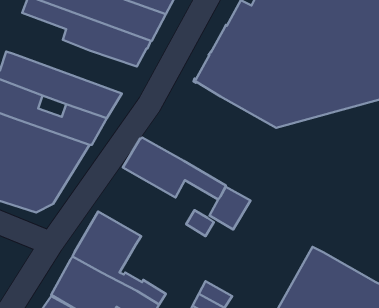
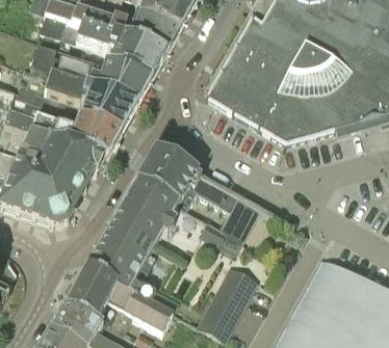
building: none -> [30,46,150,107]
building: none -> [112,179,187,245]
building: none -> [216,266,255,303]

